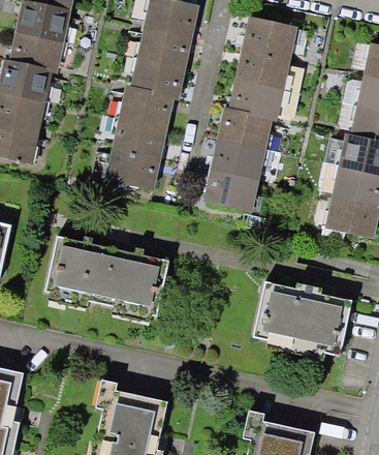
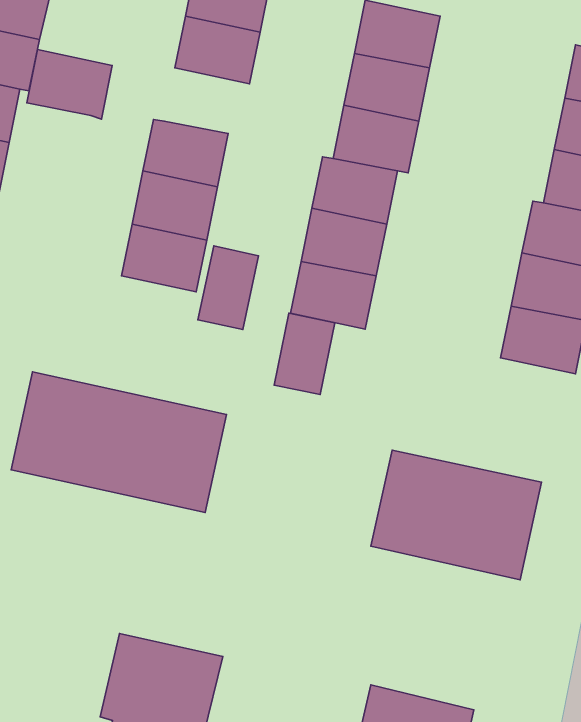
building: [133,59,183,99] -> [27,50,112,119]
building: none -> [198,246,259,330]
building: none -> [274,313,335,395]

